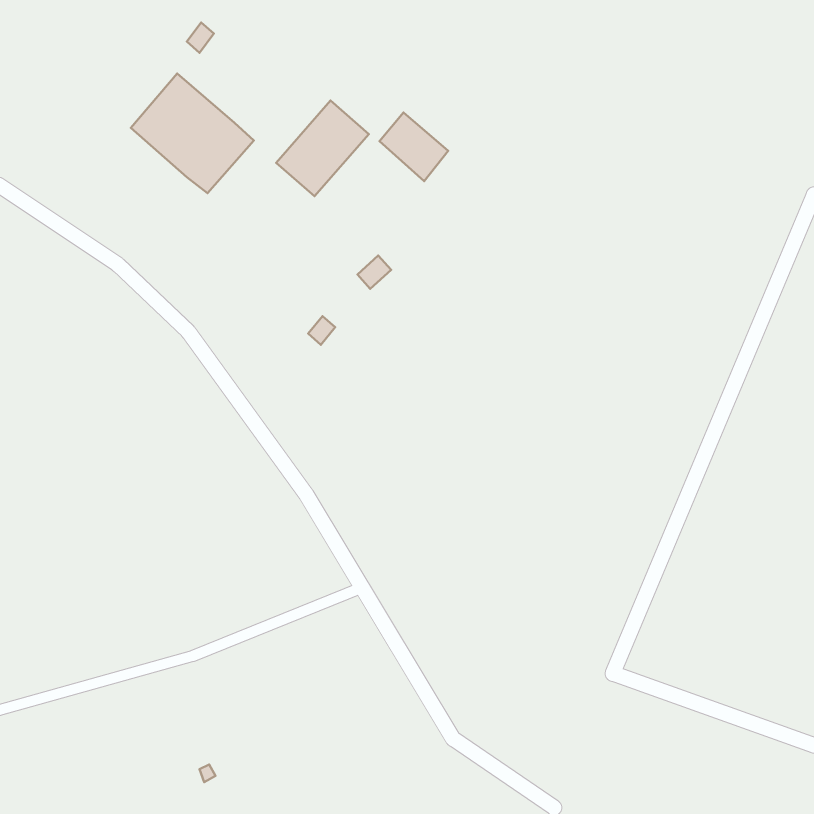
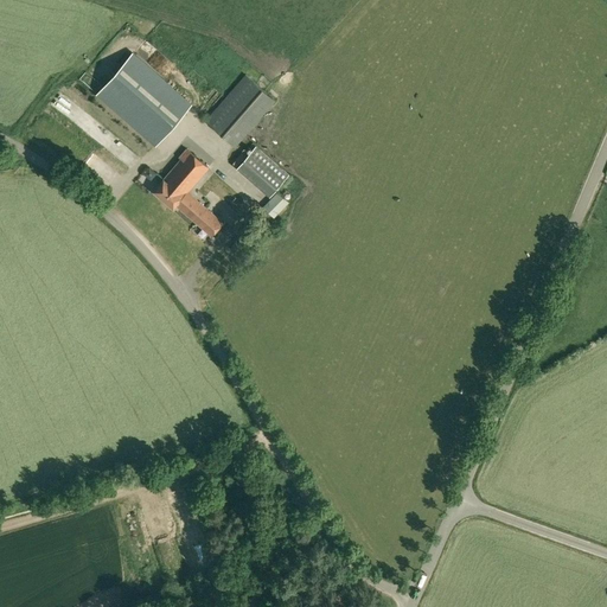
building: [379,112,448,181] -> [236,147,287,198]
building: none -> [152,149,222,237]

